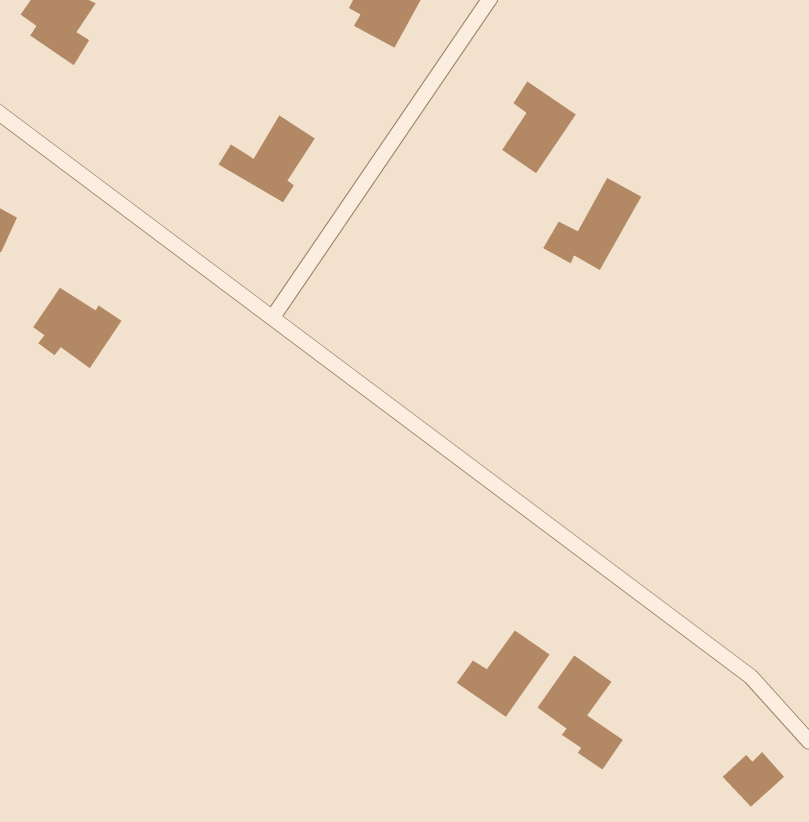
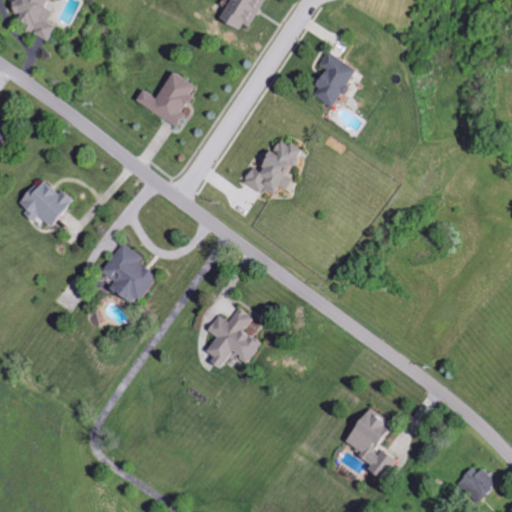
building: [542,177,642,271] -> [241,138,303,196]
building: none -> [103,242,159,305]
building: none -> [207,307,261,368]
building: [456,629,550,718] -> none

